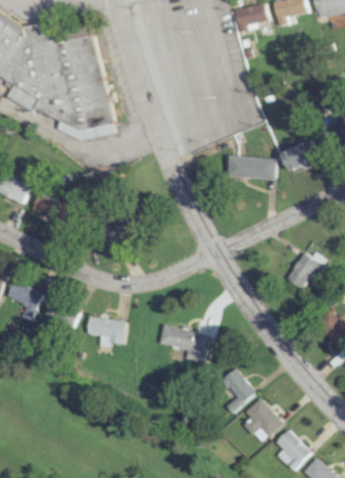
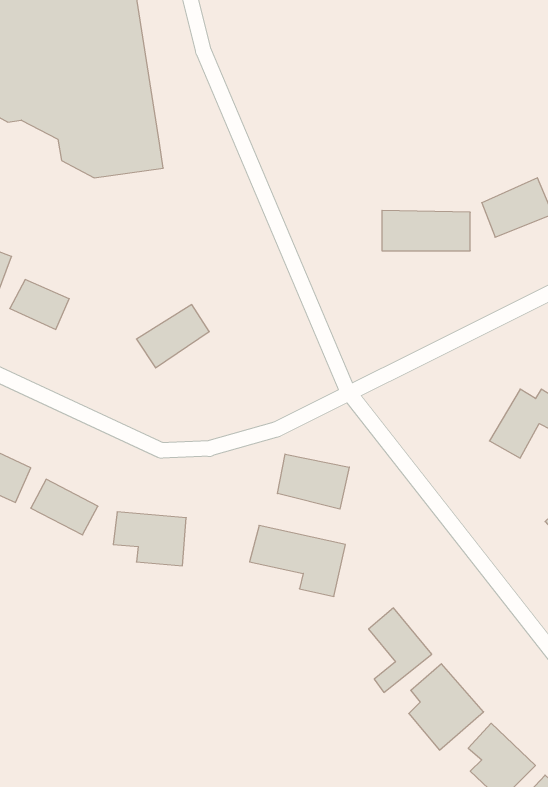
building: none -> [277,454,349,509]

